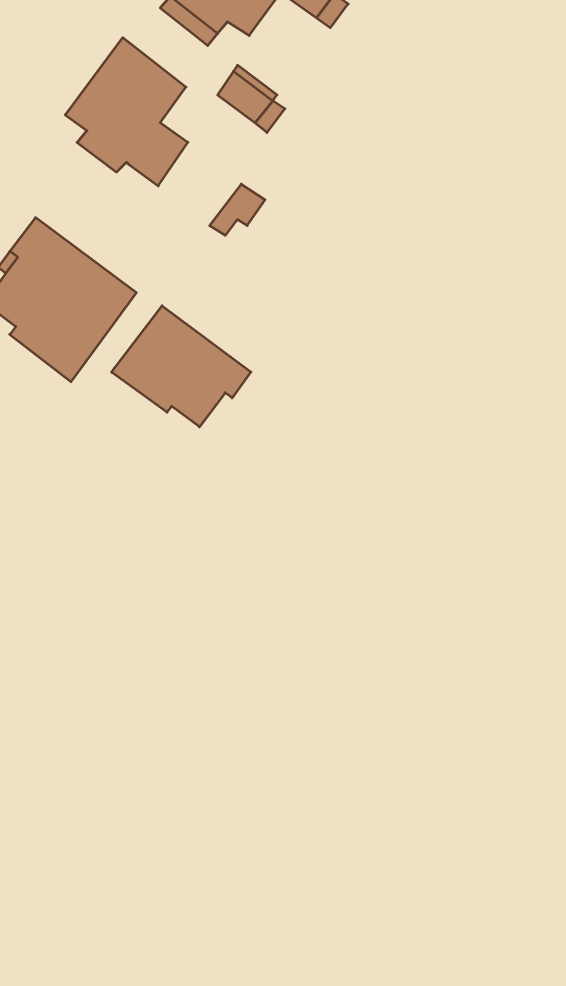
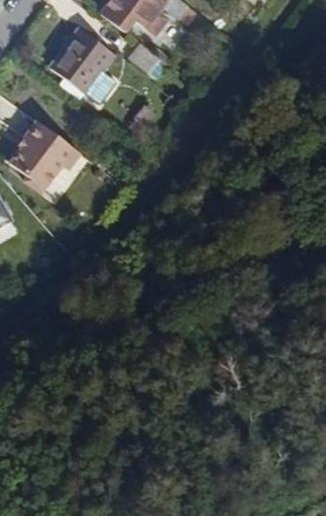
building: [112,306,251,427] -> none

